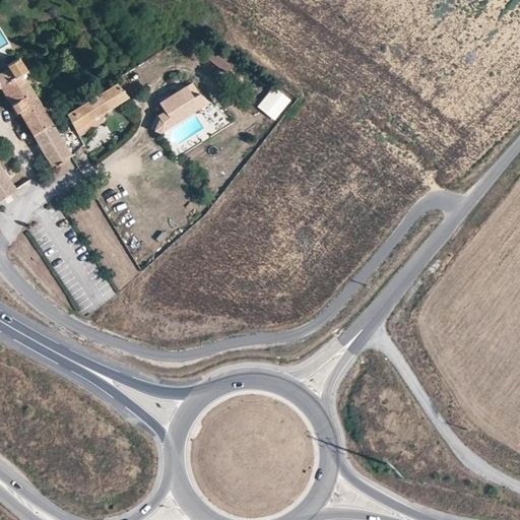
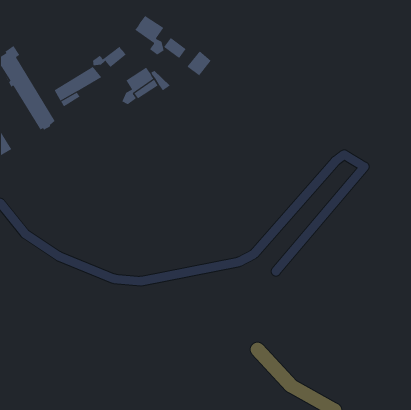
building: none -> [134,15,164,55]
building: none -> [93,46,127,68]
building: [258,85,289,118] -> [187,50,212,76]

